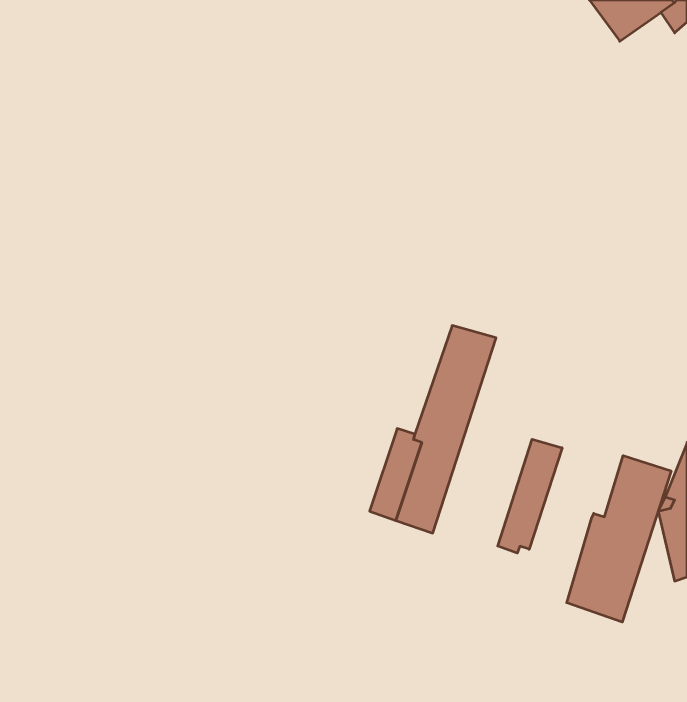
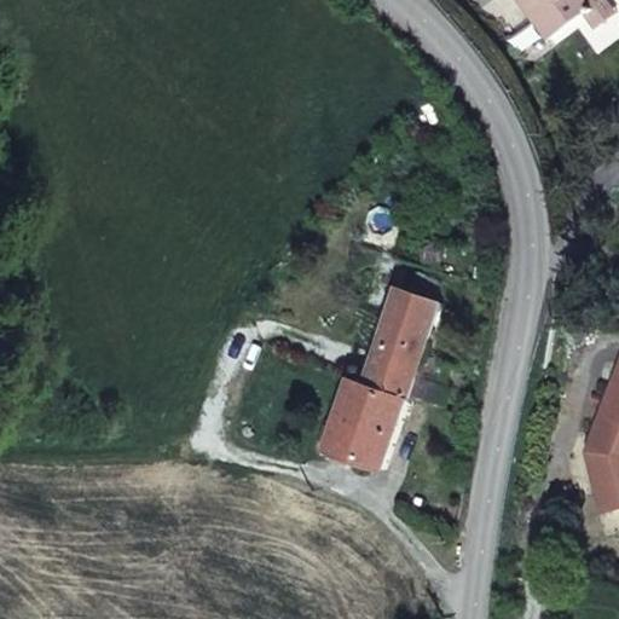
building: [498,439,562,553] -> none
building: [567,456,671,622] -> none

